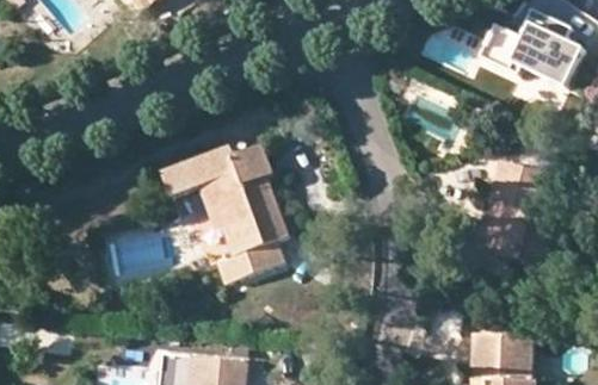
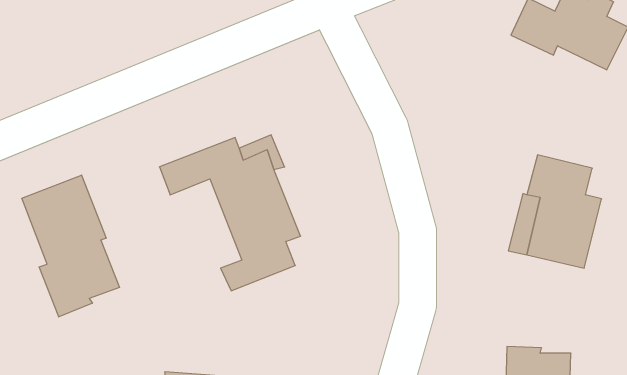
building: none -> [22,175,119,317]

